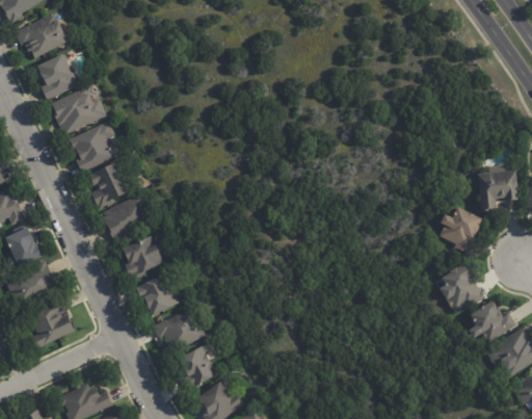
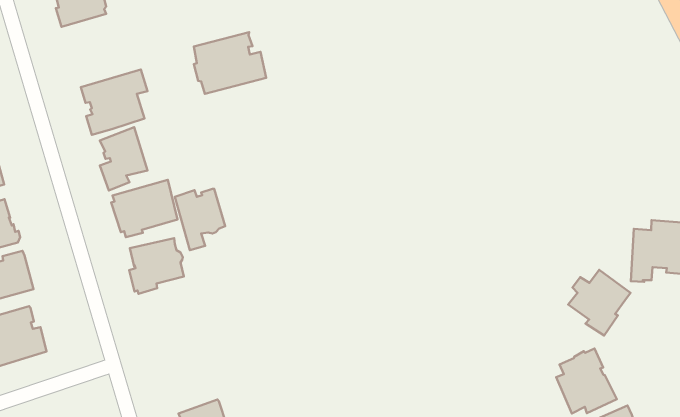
building: [51,85,106,134] -> [194,32,266,94]
building: none -> [175,189,225,250]
building: [135,274,178,315] -> none
building: [153,307,206,352] -> none

